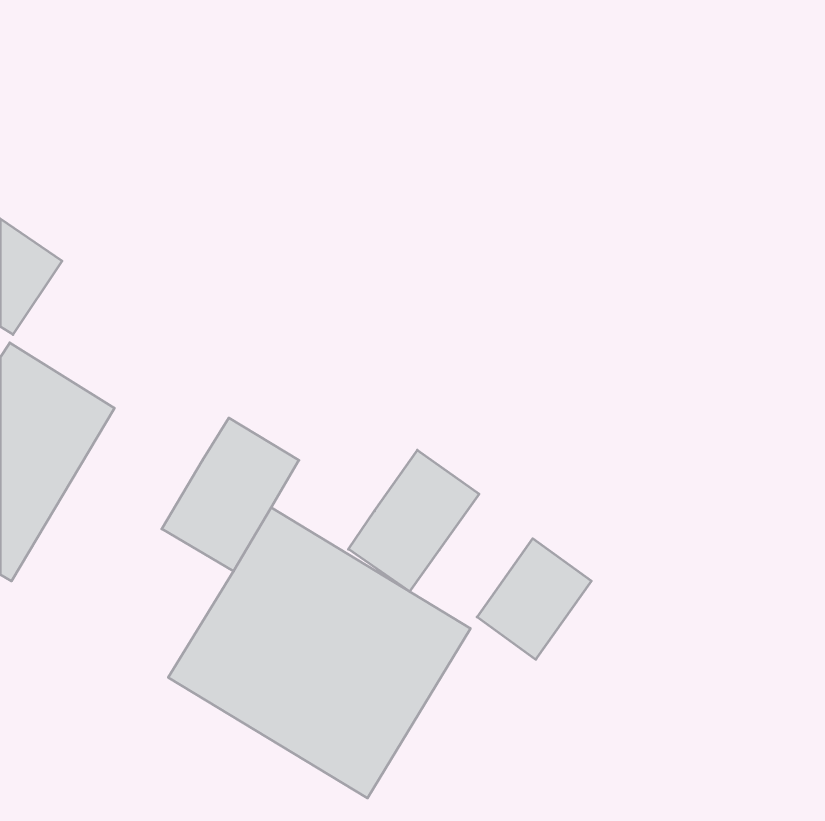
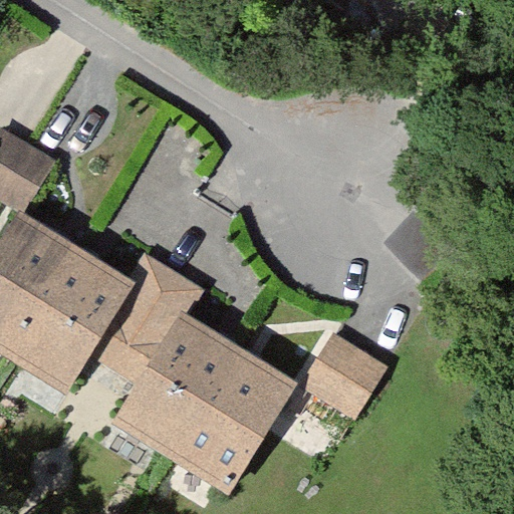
building: none -> [13,251,131,390]
building: [348,450,479,592] -> none

